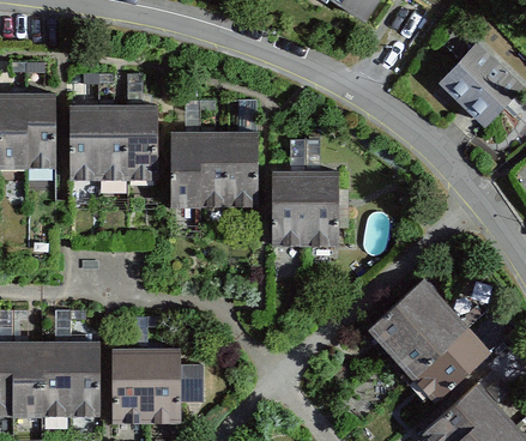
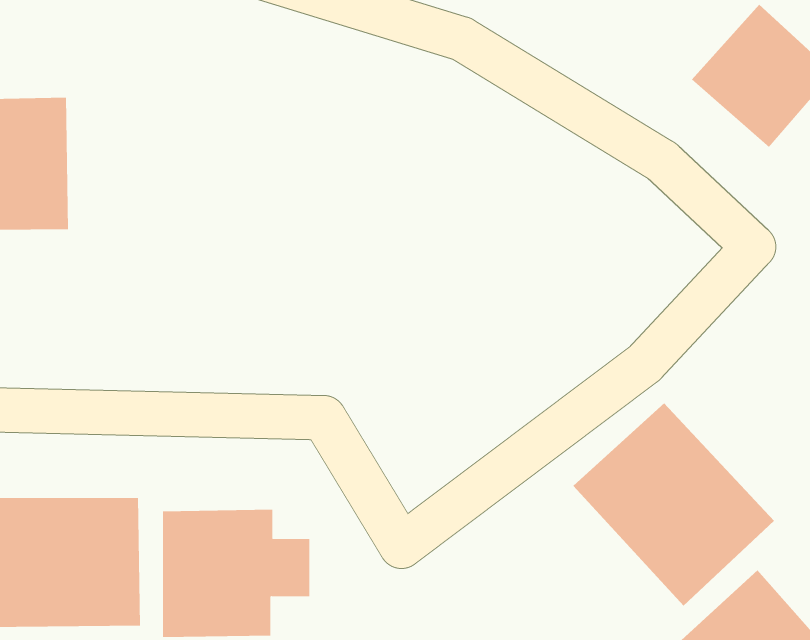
building: [68,104,157,185] -> none
building: [169,128,258,209] -> none
building: [271,170,339,249] -> none

